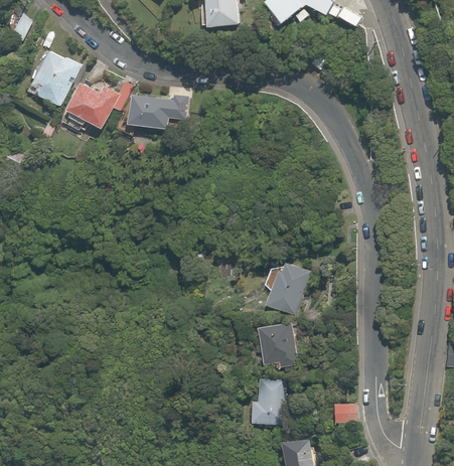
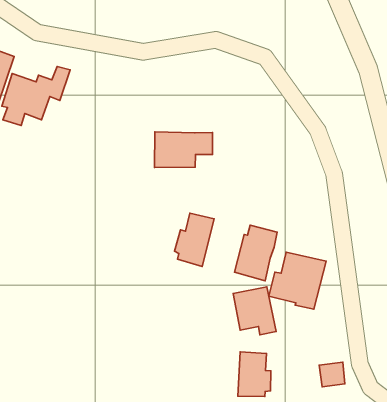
building: [127,90,187,129] -> [154,132,213,167]
building: none -> [175,213,214,266]
building: none -> [269,252,326,309]

